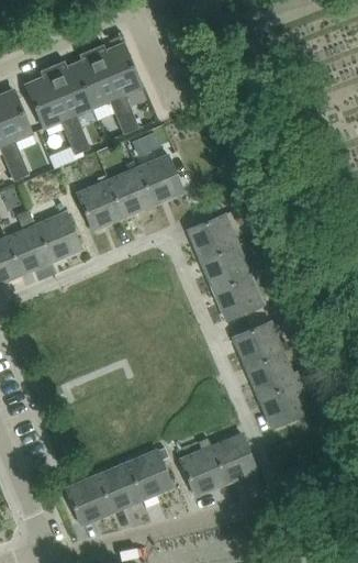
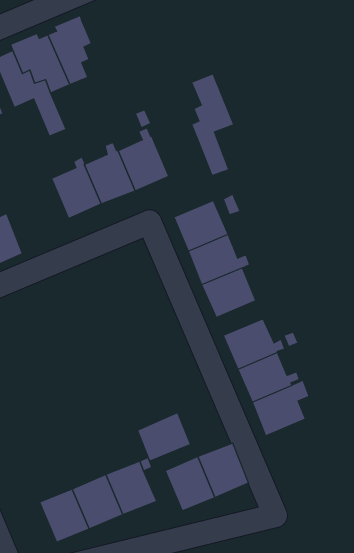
building: [104,42,143,134] -> [191,74,234,175]
building: [36,202,81,262] -> none
building: none -> [138,412,190,461]

